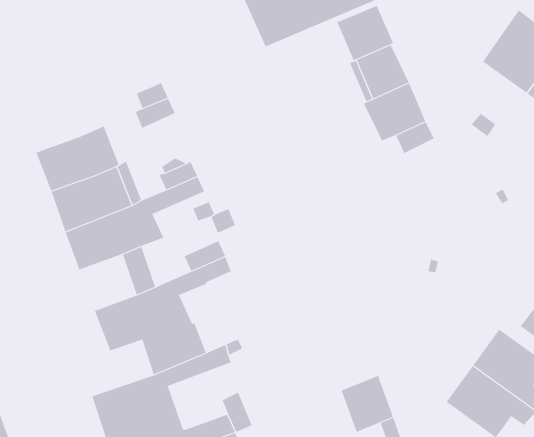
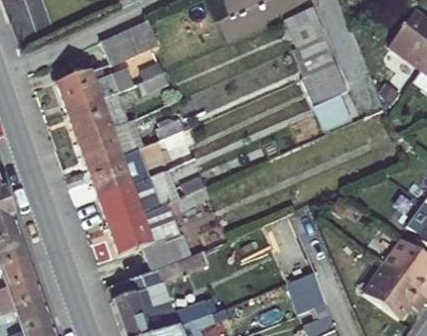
building: none -> [100,20,157,65]
building: none -> [56,68,132,112]
building: none -> [98,186,139,226]

